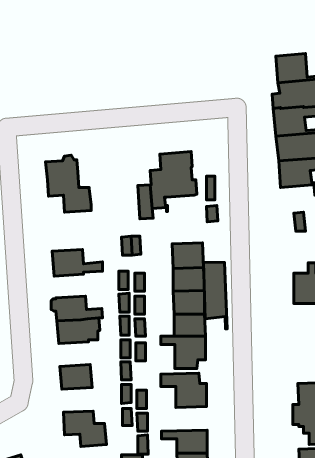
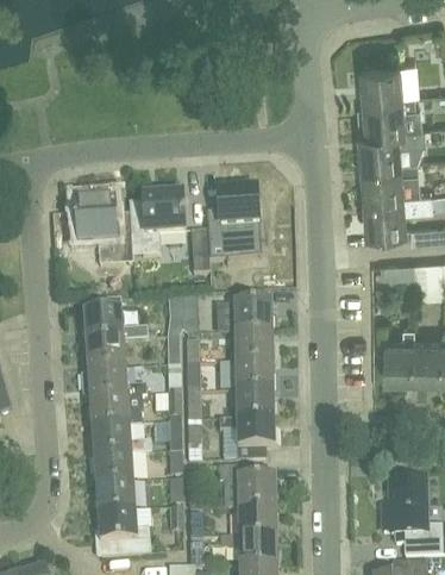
building: none -> [129,196,186,256]
building: [204,262,227,329] -> none
building: none -> [86,344,125,374]
building: none -> [92,429,150,460]
building: none -> [95,486,134,517]
building: none -> [220,510,277,540]

